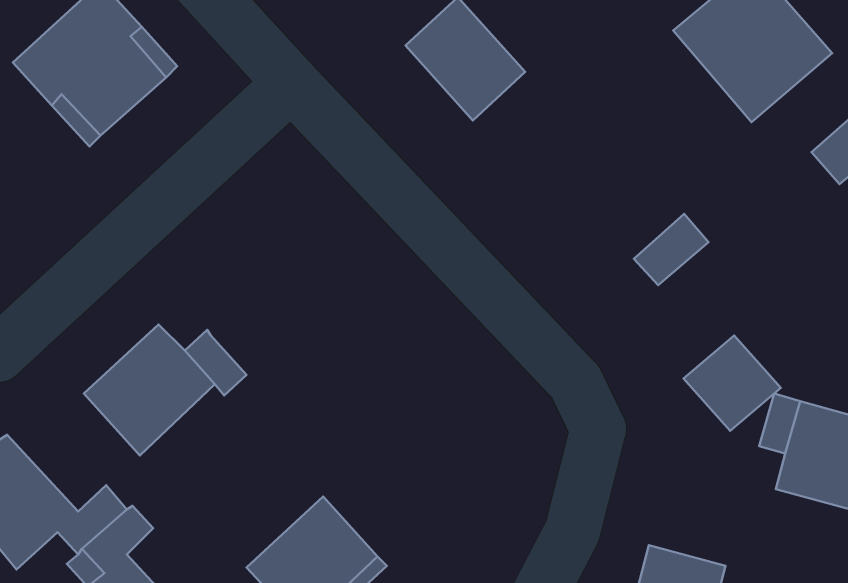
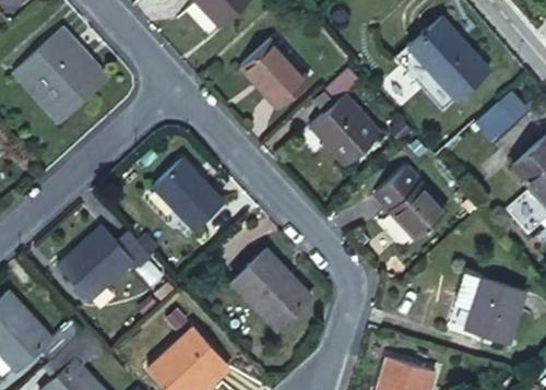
building: none -> [312,67,380,164]
building: none -> [158,156,232,231]
building: [683,335,781,431] -> [389,181,446,237]
building: none -> [237,252,316,332]

